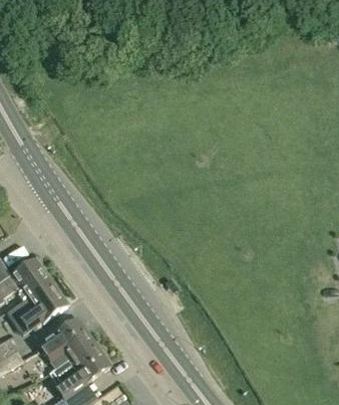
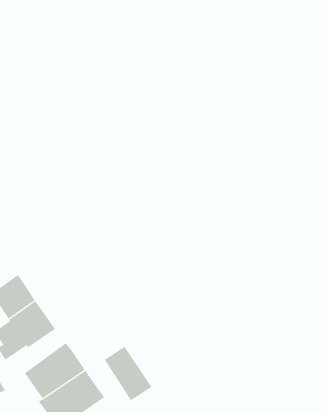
building: none -> [104,346,152,401]

